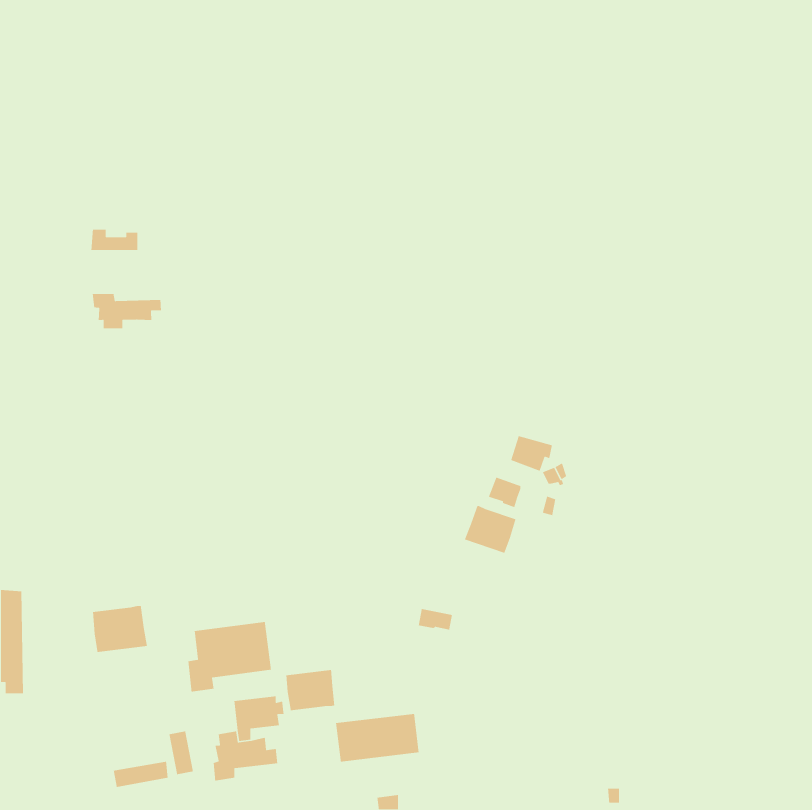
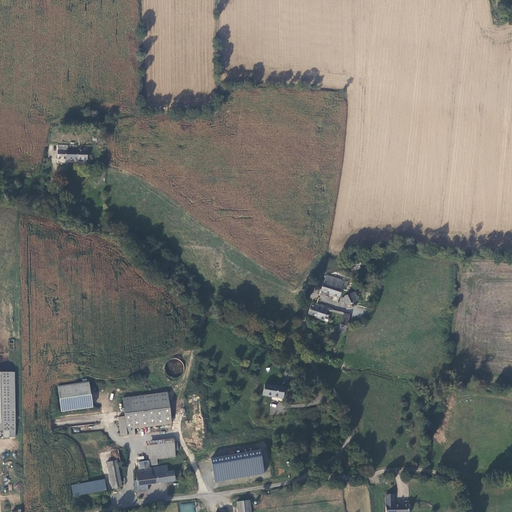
building: [92,293,162,329] -> none
building: [464,505,516,554] -> none
building: [285,669,335,711] -> none

